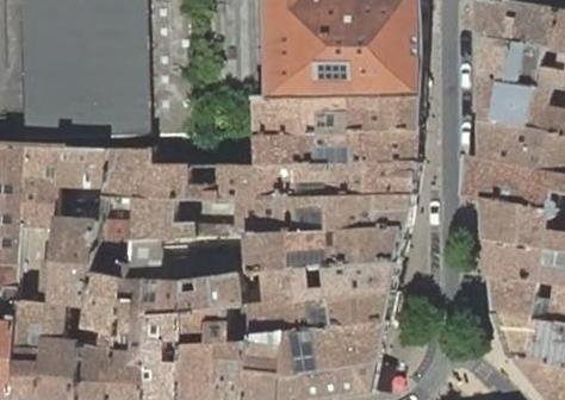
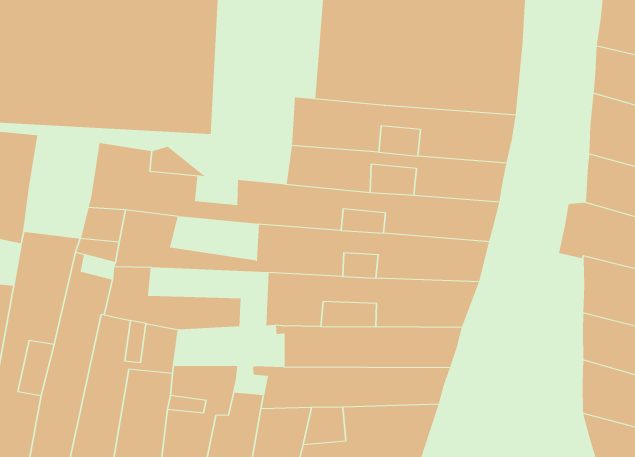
building: [57,146,106,189] -> none
building: [179,274,241,311] -> none

